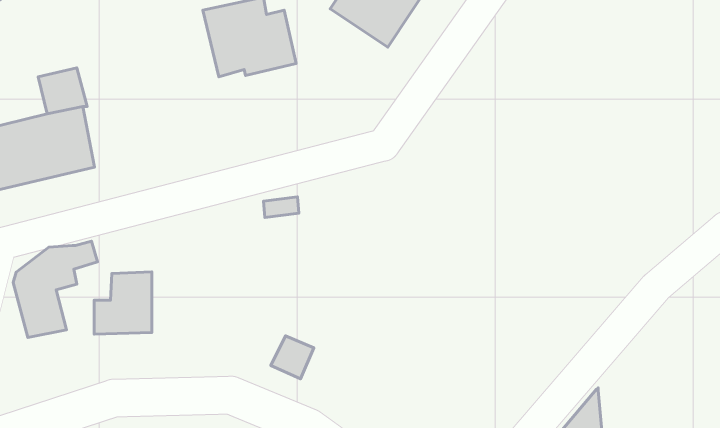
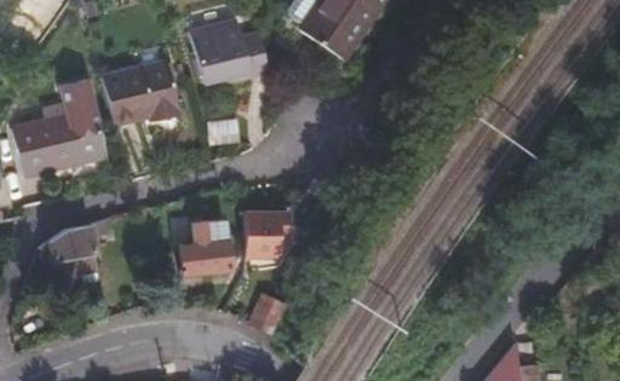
building: none -> [103,60,182,122]
building: none -> [246,207,294,258]
building: [94,272,152,334] -> [184,219,231,270]

